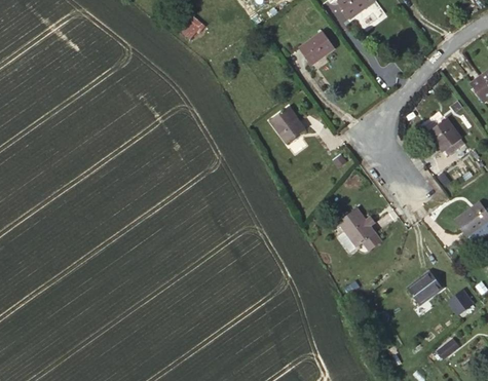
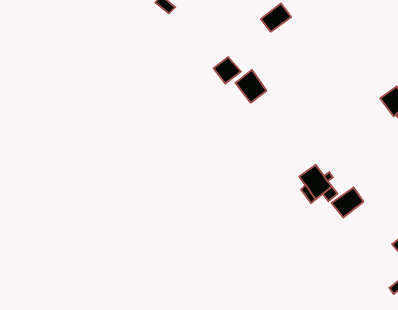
building: none -> [214,57,241,84]
building: [409,273,445,307] -> [332,187,363,217]

